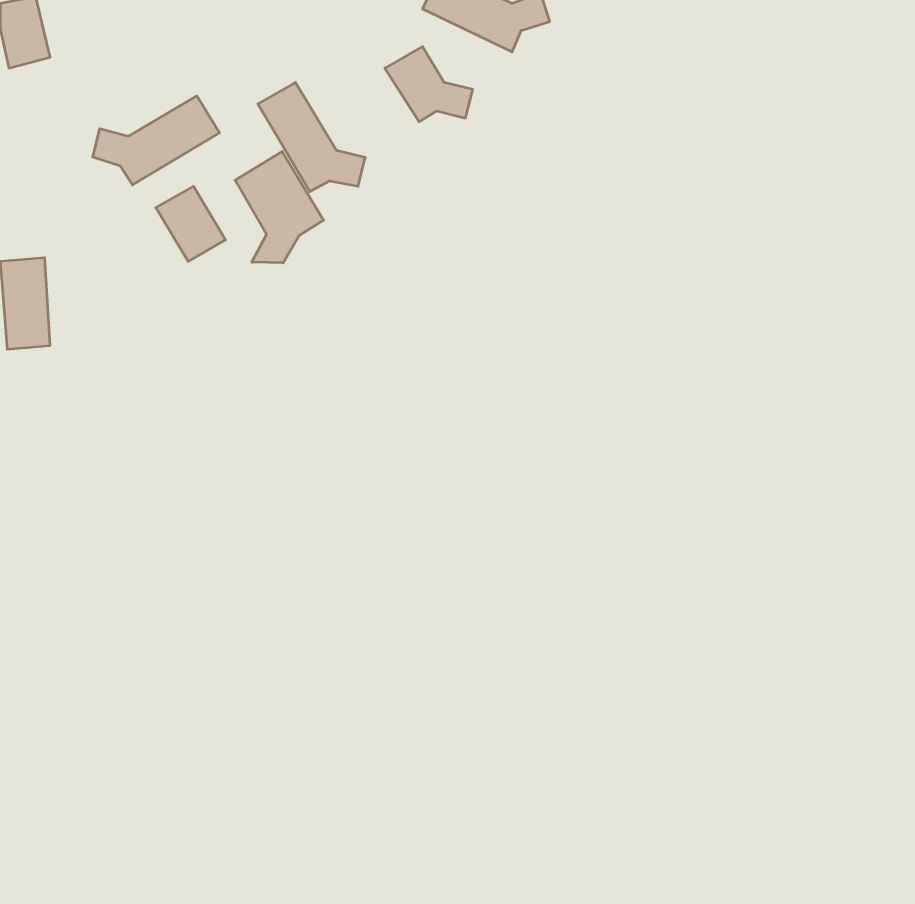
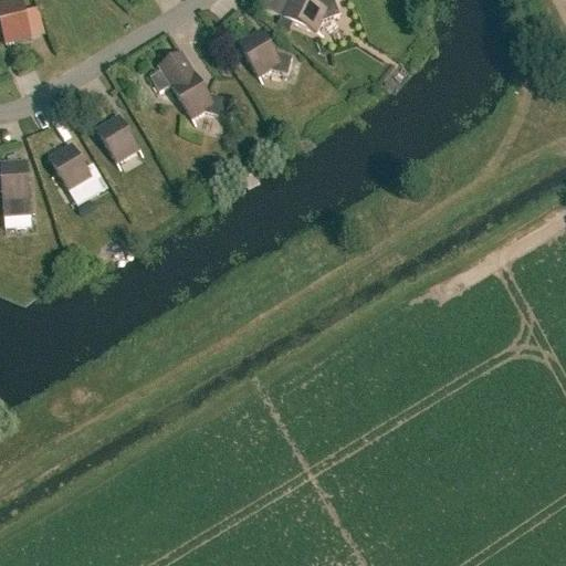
building: [93,96,220,185] -> none
building: [235,151,324,263] -> none
building: none -> [49,144,92,190]

